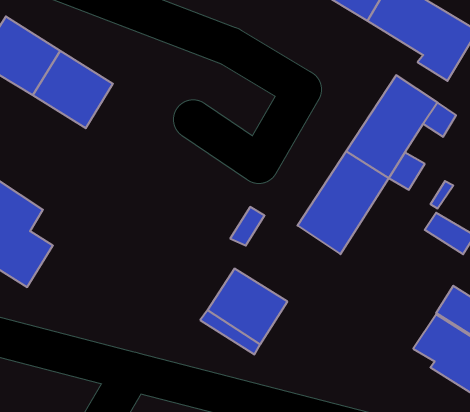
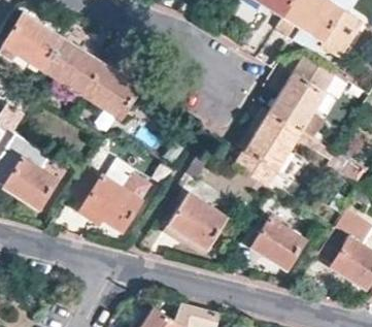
building: none -> [81,62,140,119]
building: none -> [83,158,151,231]
building: none -> [250,217,304,269]

